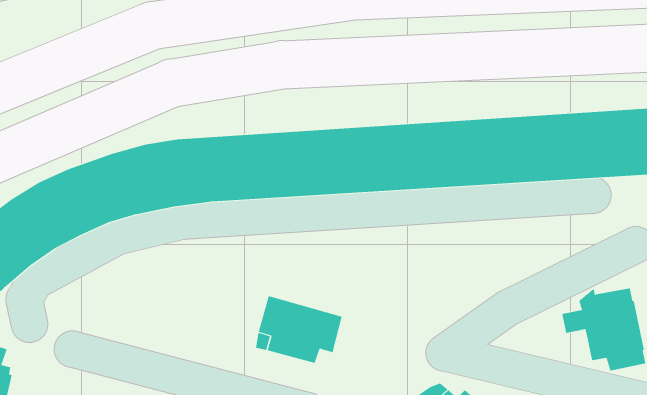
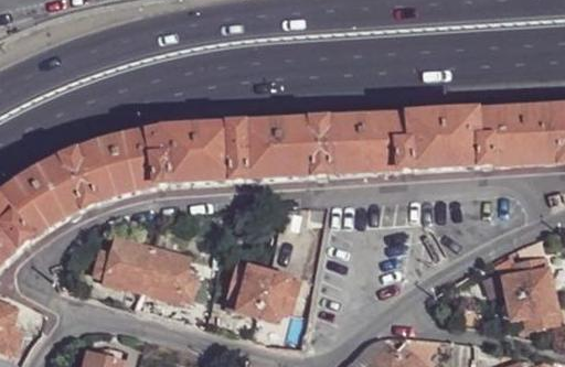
building: none -> [89,236,194,298]

